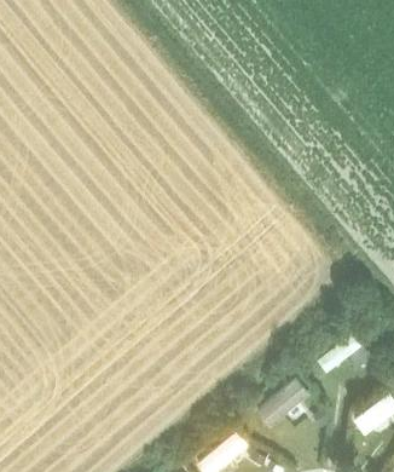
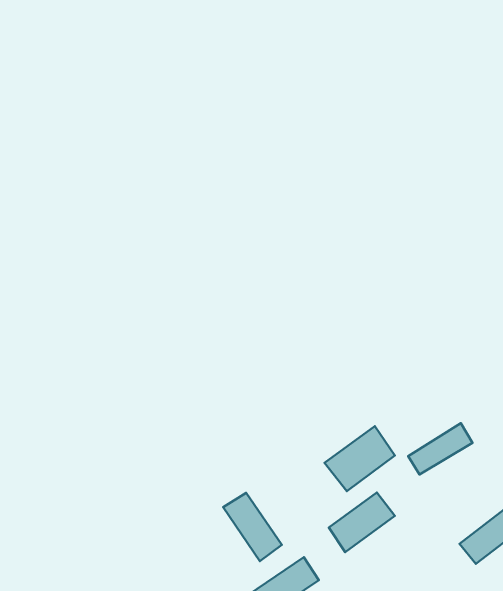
building: none -> [325,426,395,491]
building: none -> [223,493,282,561]

